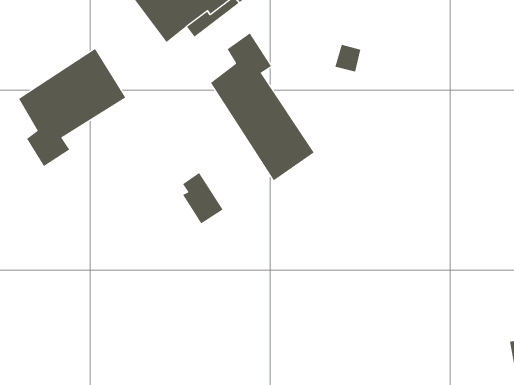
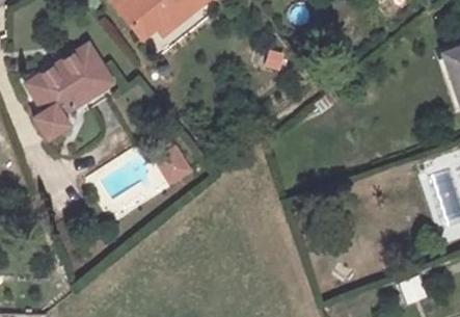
building: [210,33,314,181] -> none

